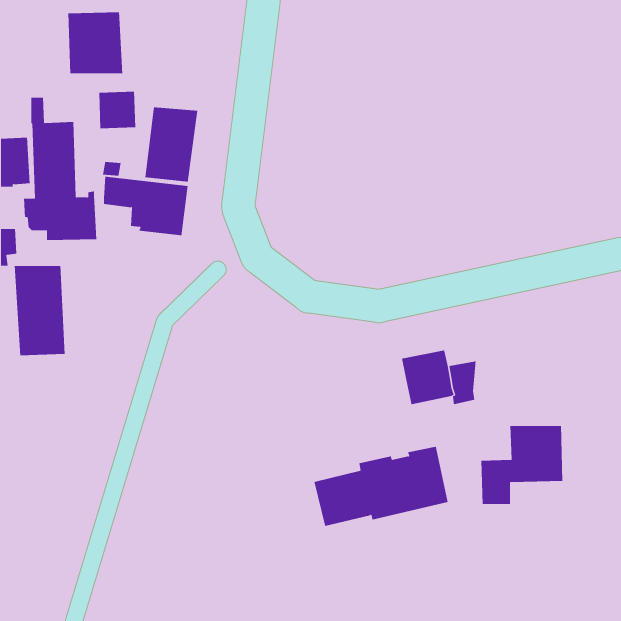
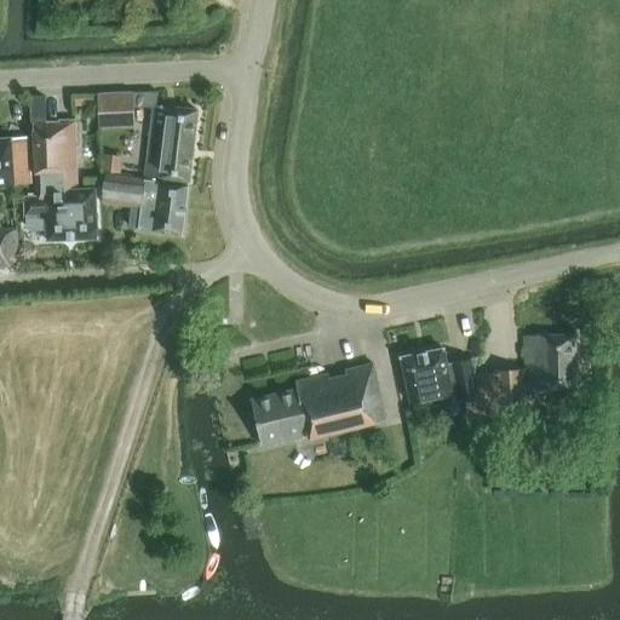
building: [68,12,123,74] -> none
building: [14,265,65,356] -> none
building: [480,425,563,504] -> [494,335,576,414]
building: [314,446,449,526] -> [251,364,385,444]

